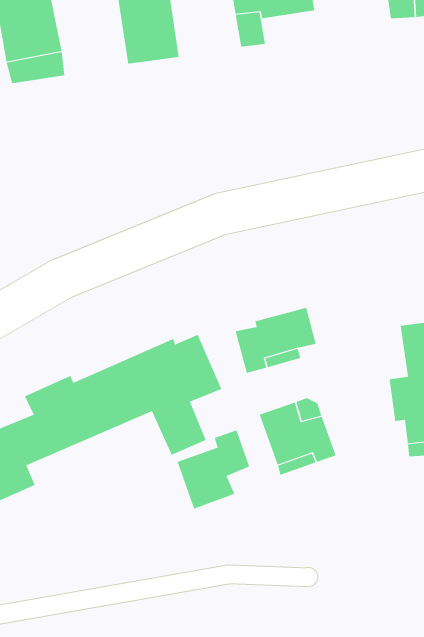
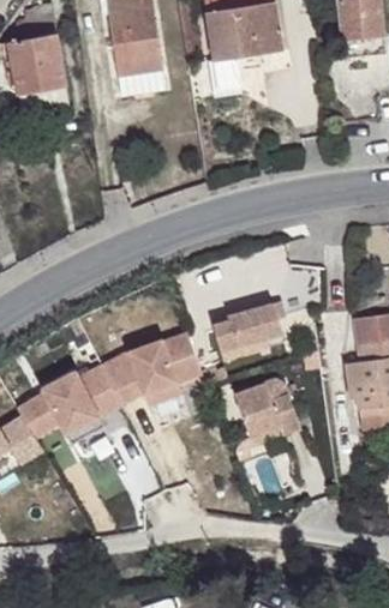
building: [177,429,250,509] -> none

